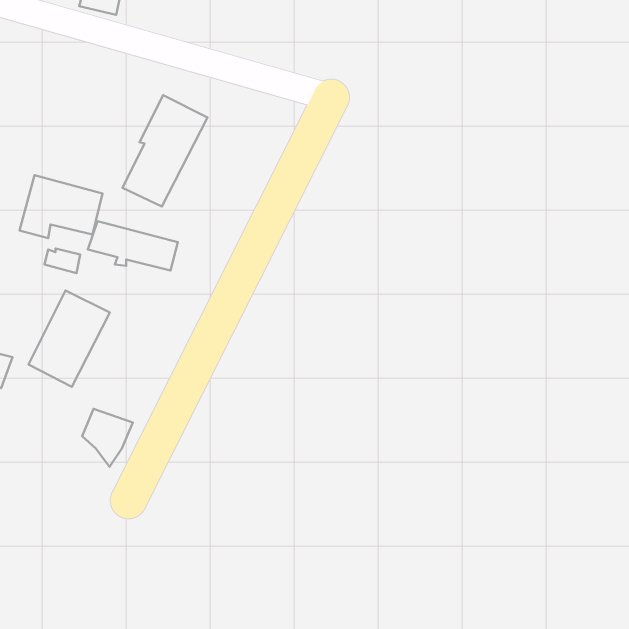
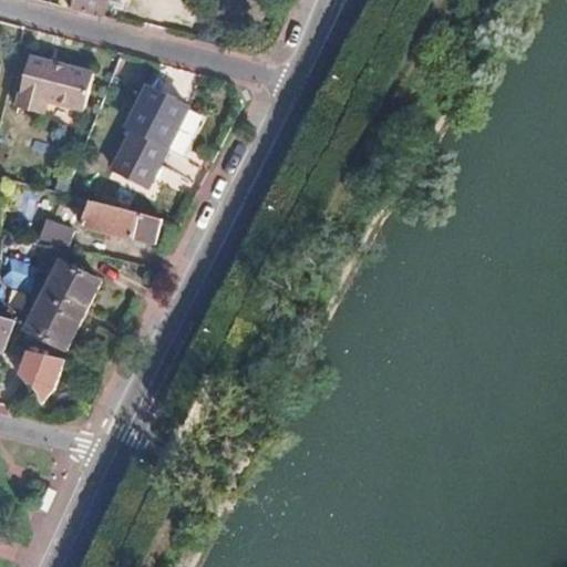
building: [20,175,102,238] -> [19,56,93,113]
building: [82,409,133,467] -> [18,350,63,402]

